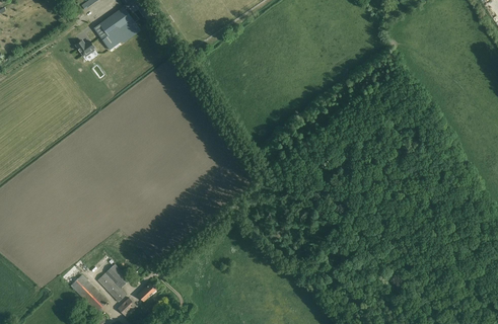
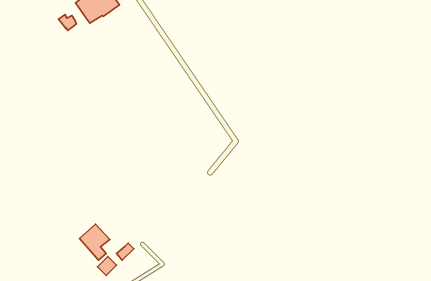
building: [70,273,108,311] -> none

